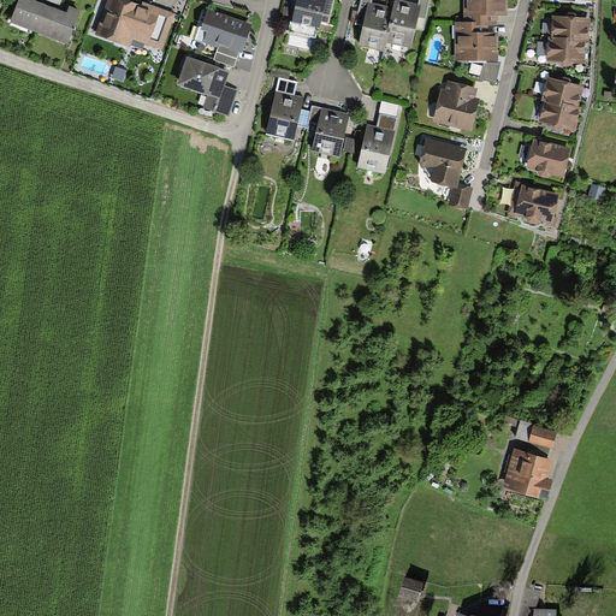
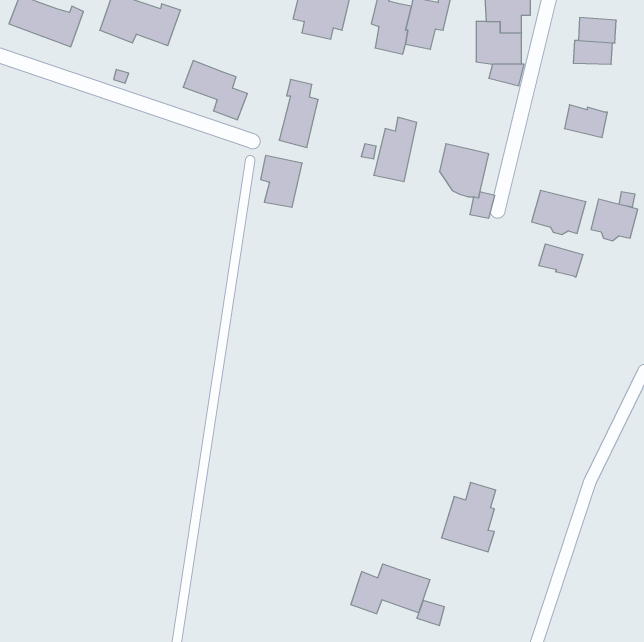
building: [200,10,251,66] -> none
building: [541,77,582,107] -> none
building: [433,81,479,130] -> none
building: [308,106,348,155] -> [261,156,302,207]
building: [526,138,570,178] -> [591,199,638,241]
building: none -> [539,244,583,277]
building: [502,428,553,494] -> [441,482,496,552]
building: none -> [351,564,430,614]

